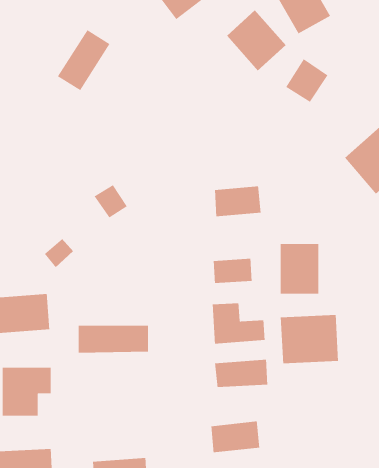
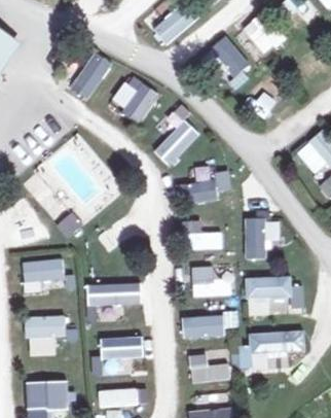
building: none -> [110,74,159,124]
building: none -> [152,119,199,168]
building: none -> [243,332,305,374]
building: none -> [100,336,144,360]

